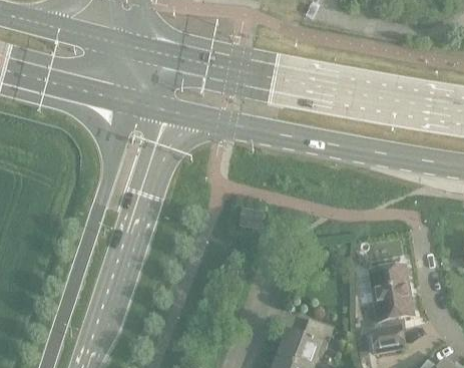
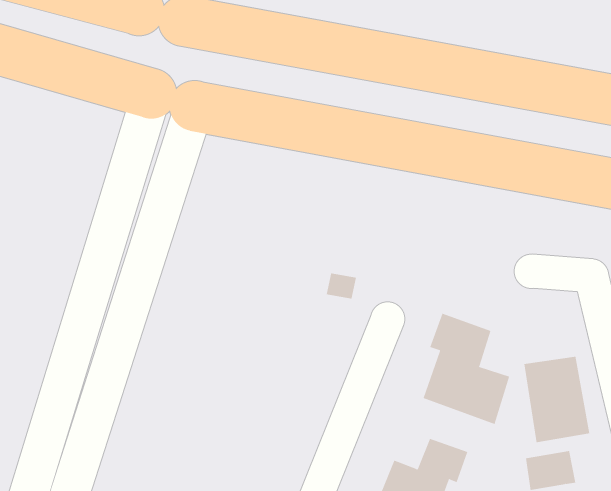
building: none -> [423,313,510,425]

